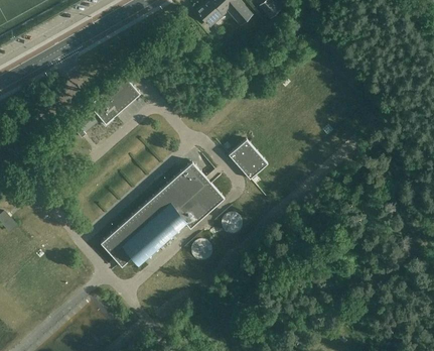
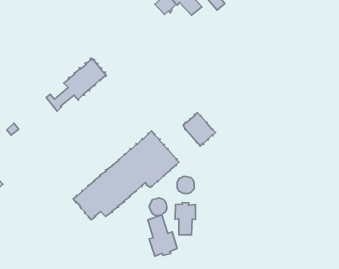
building: none -> [175,202,196,235]
building: none -> [148,215,177,256]

